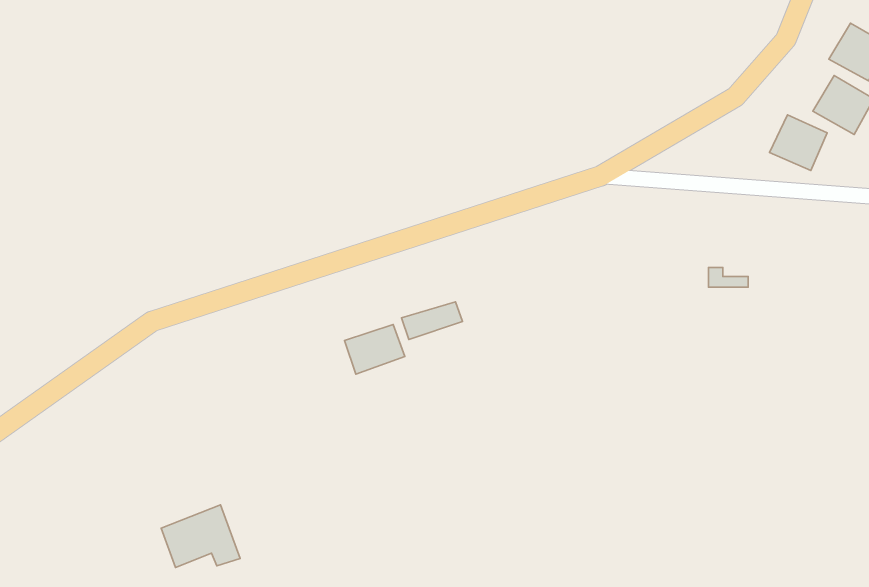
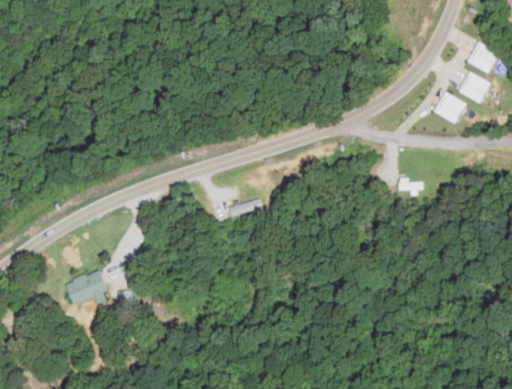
building: [345,325,405,374] -> none
building: [161,505,240,568] -> [65,269,109,304]

